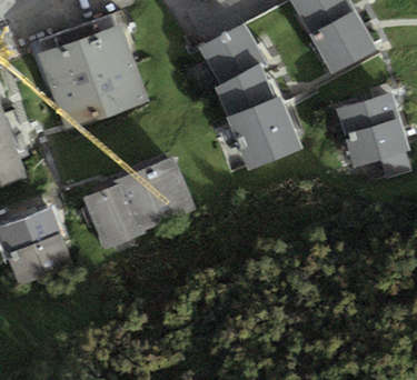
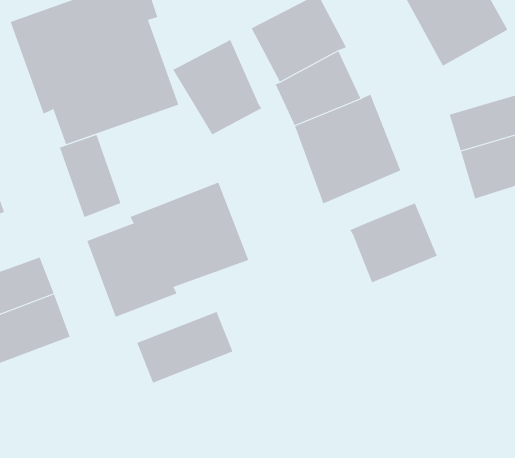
building: none -> [172,39,262,135]
building: none -> [59,134,121,218]
building: none -> [349,203,437,283]
building: none -> [136,311,233,384]

